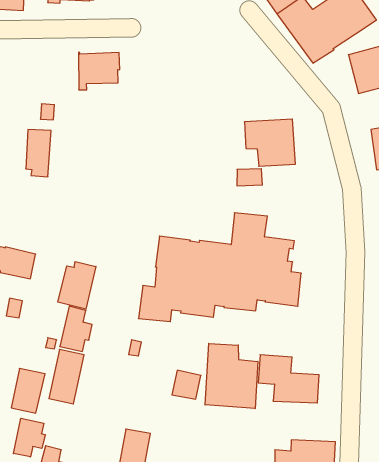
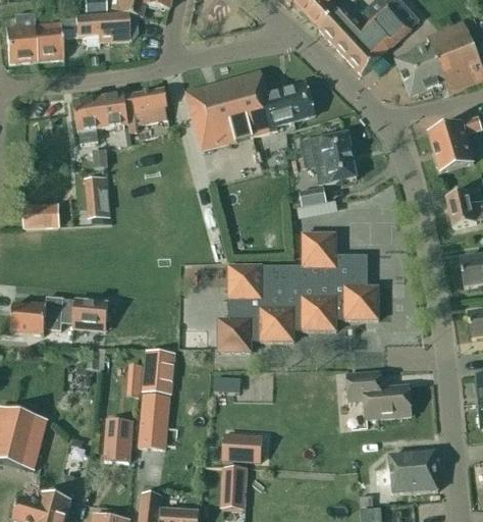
building: none -> [186,69,315,150]
building: none -> [73,93,129,140]
building: [58,262,96,309] -> none
building: [205,343,258,409] -> none
building: [172,370,201,399] -> [224,433,251,460]
building: [13,418,45,457] -> none

